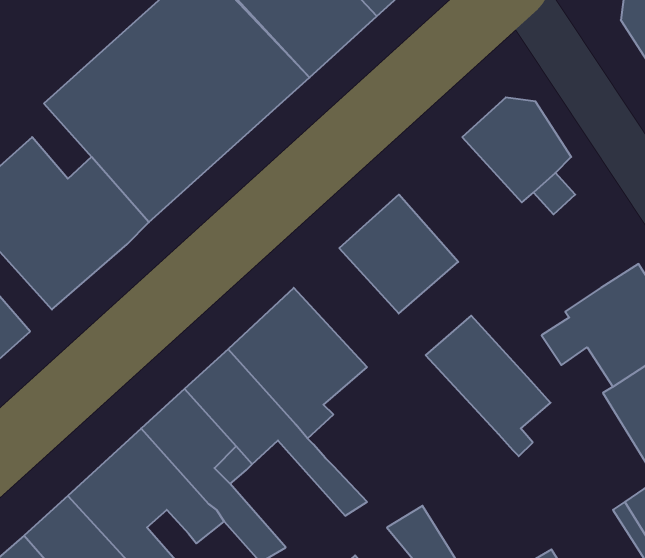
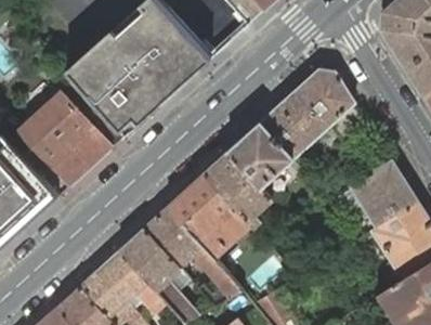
building: none -> [260,90,327,158]
building: [426,316,551,456] -> [203,151,271,227]

